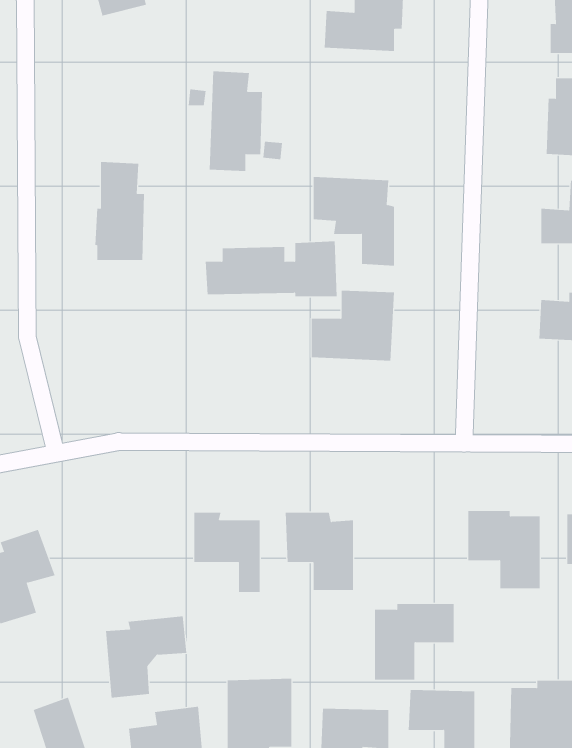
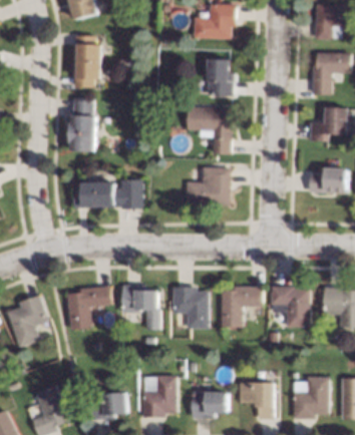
building: [209,71,263,172] -> [73,33,102,87]
building: none -> [207,58,233,94]
building: [205,241,337,297] -> [72,177,143,207]
building: [374,604,454,680] -> [220,286,263,327]
building: [105,616,187,698] -> [67,285,111,329]

